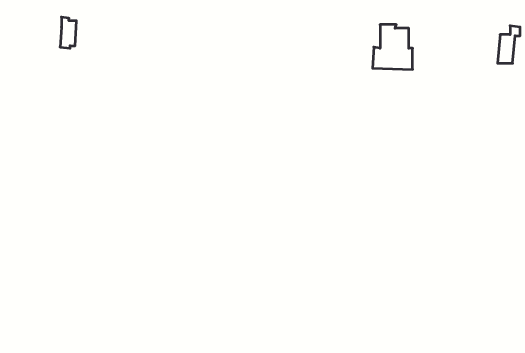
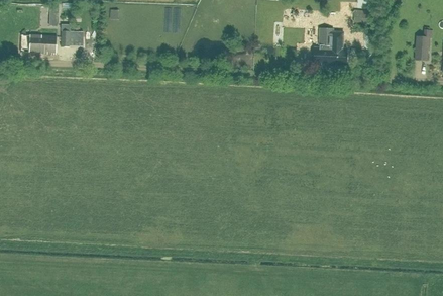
building: none -> [28,34,57,53]

